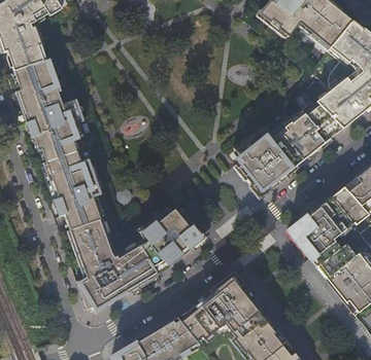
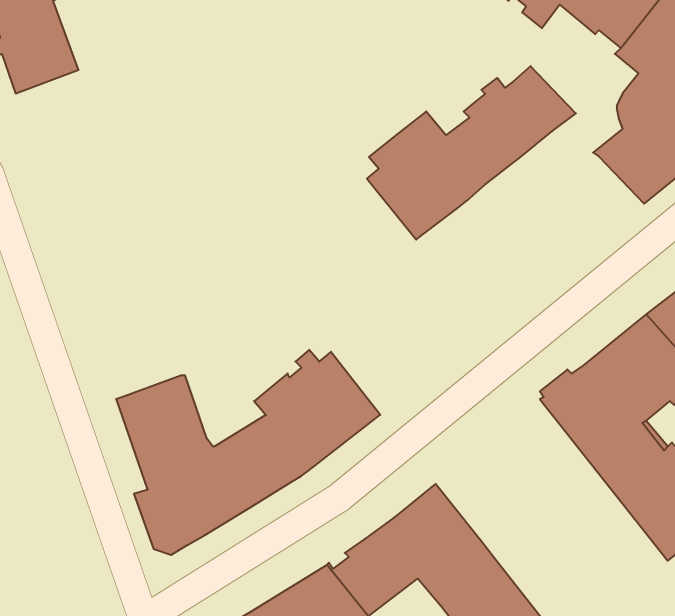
building: [14,59,101,229] -> none
building: [234,104,343,194] -> [367,66,576,240]

